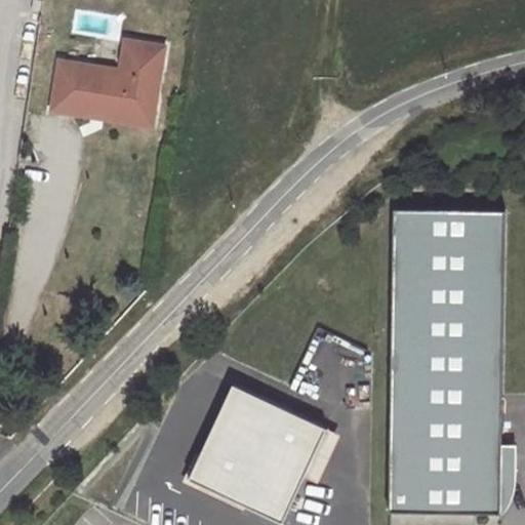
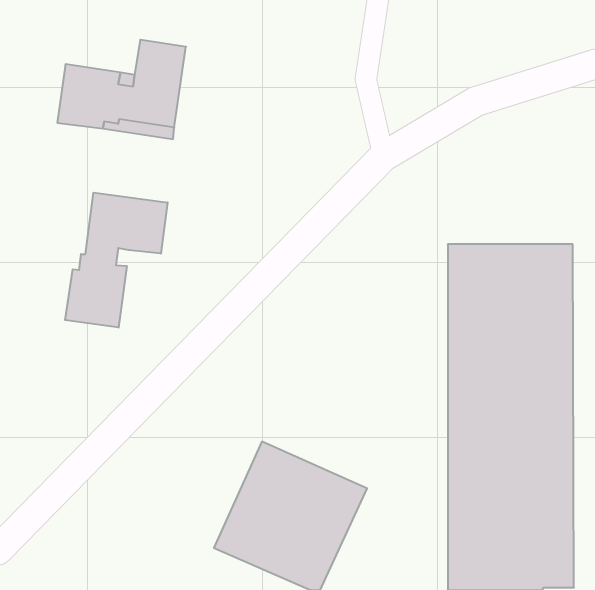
building: none -> [65,193,168,328]

